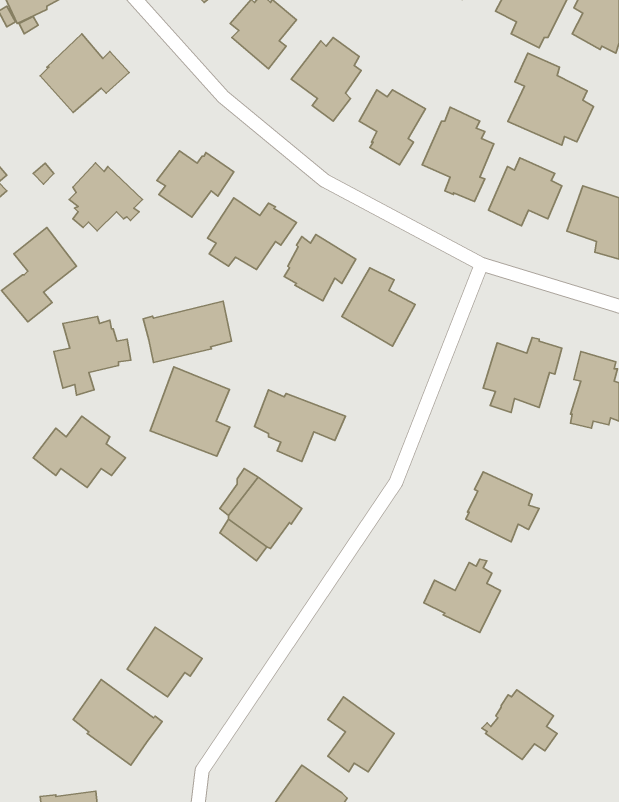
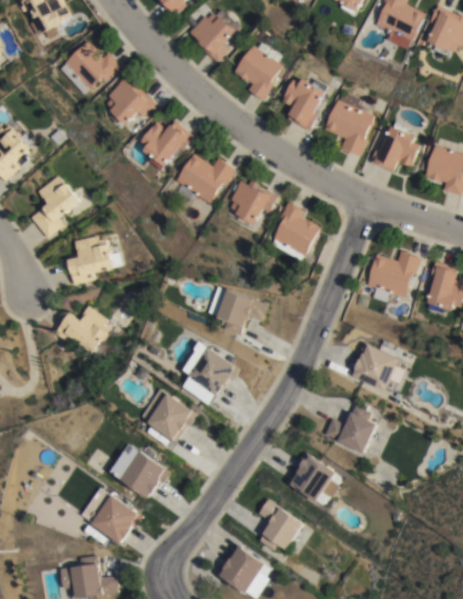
building: [508,53,594,145] -> none
building: [69,163,143,231] -> [104,78,155,125]
building: [143,301,232,363] -> none
building: [150,367,230,456] -> none
building: none -> [141,388,198,444]
building: [482,690,557,760] -> [287,456,339,504]

